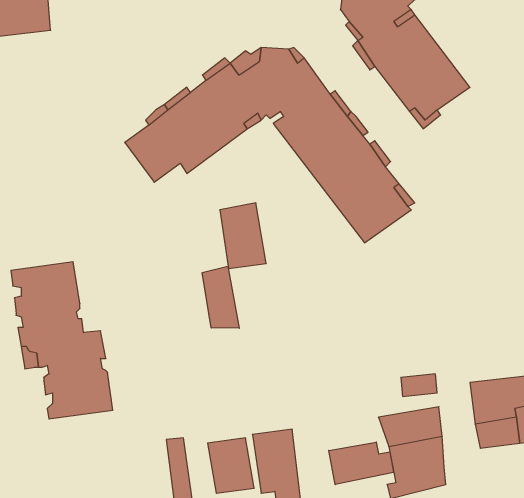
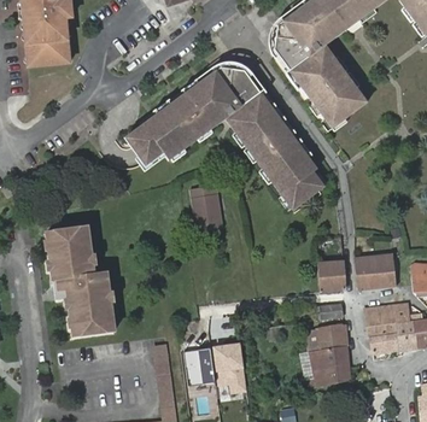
building: [202,266,239,328] -> none
building: none -> [357,252,396,288]
building: none -> [318,258,345,291]
building: [329,442,394,485] -> none

